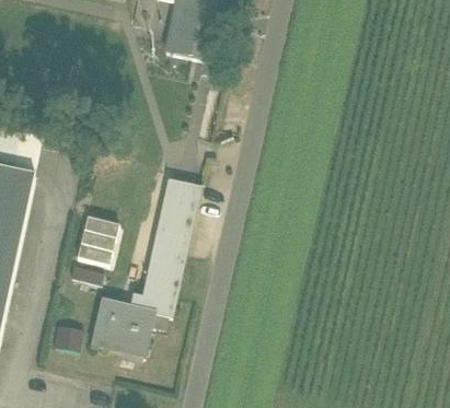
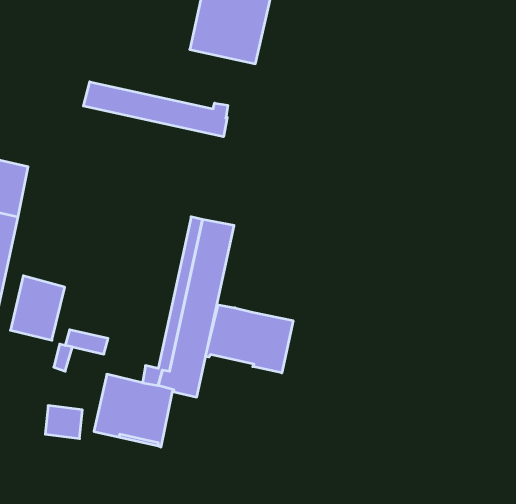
building: none -> [83,82,228,137]
building: [74,220,116,269] -> [10,276,65,340]
building: none -> [206,305,293,373]

